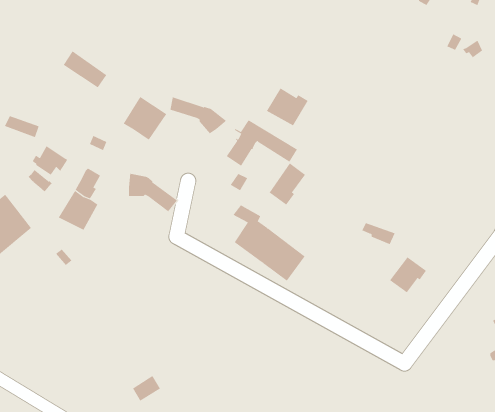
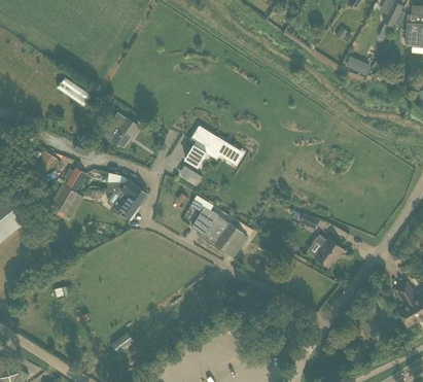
building: [266,88,308,126] -> none
building: [170,97,227,134] -> none
building: [269,163,306,205] -> none
building: none -> [107,189,139,218]

